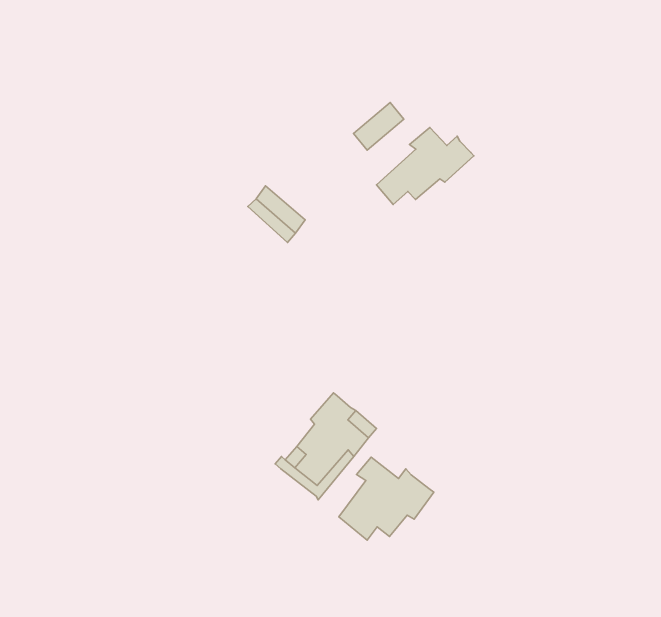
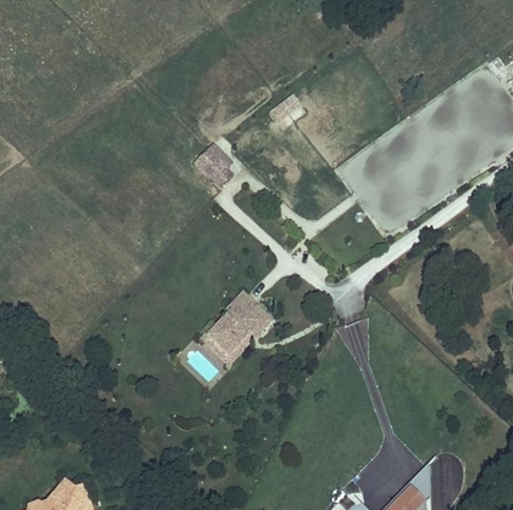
building: [377,127,474,205] -> none
building: [339,457,434,540] -> none

